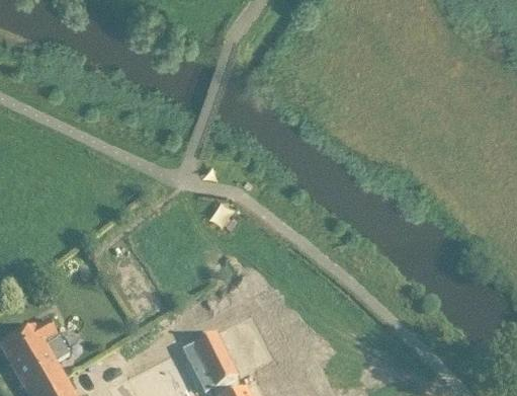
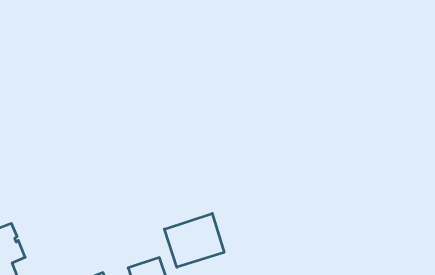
building: none -> [164,213,224,267]

